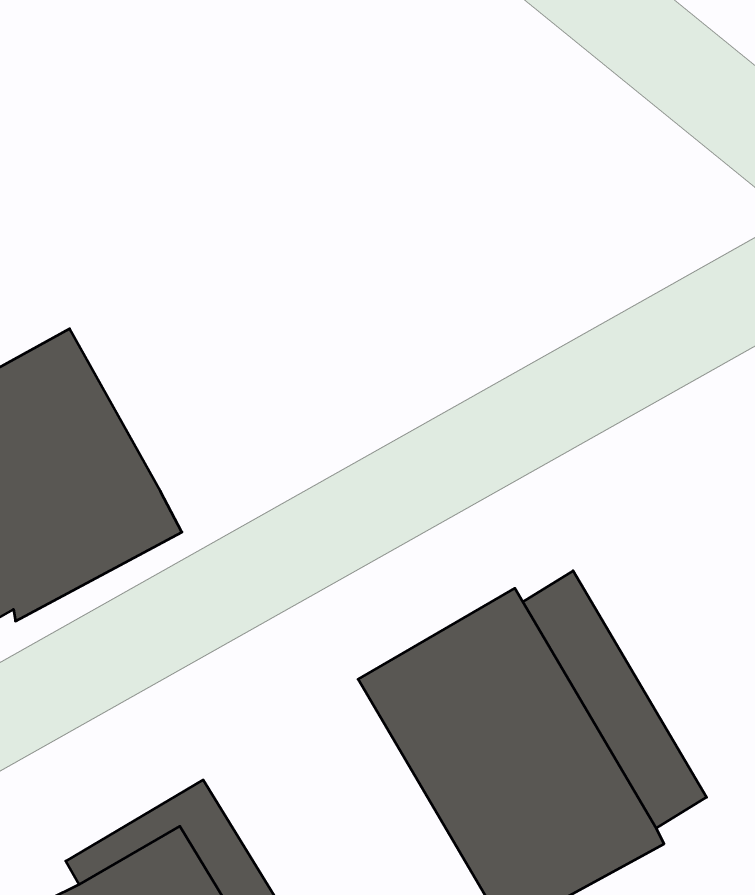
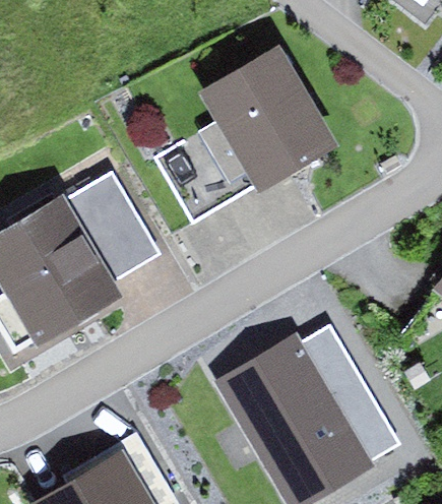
building: none -> [198,51,337,200]
building: none -> [64,169,163,280]

